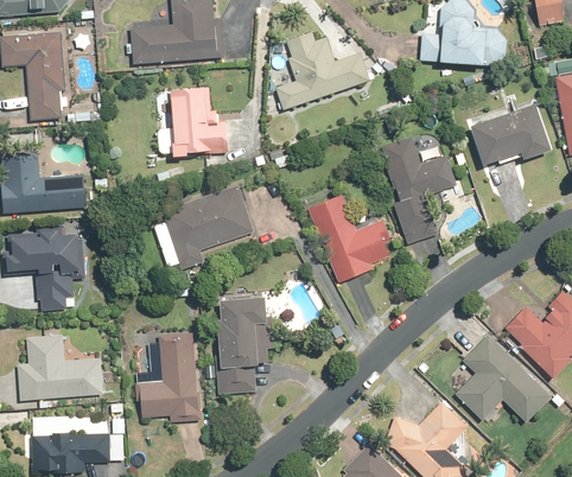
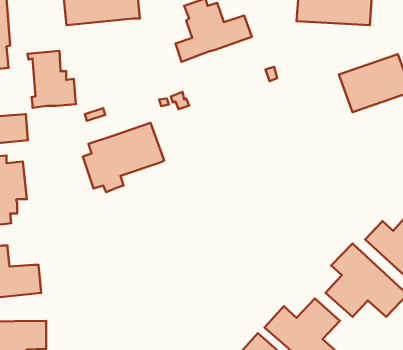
building: [170,87,229,157] -> [28,51,76,108]
building: [380,136,458,247] -> none
building: [301,195,382,282] -> none
building: [215,297,273,394] -> none
building: [134,333,202,424] -> none

